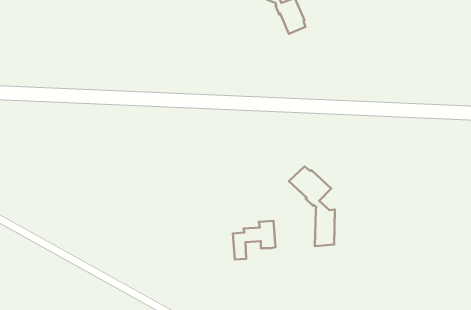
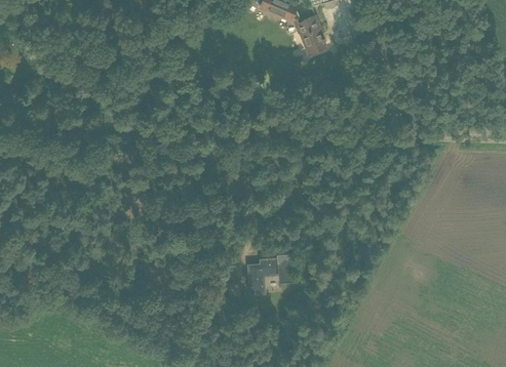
building: [289,167,335,246] -> none

